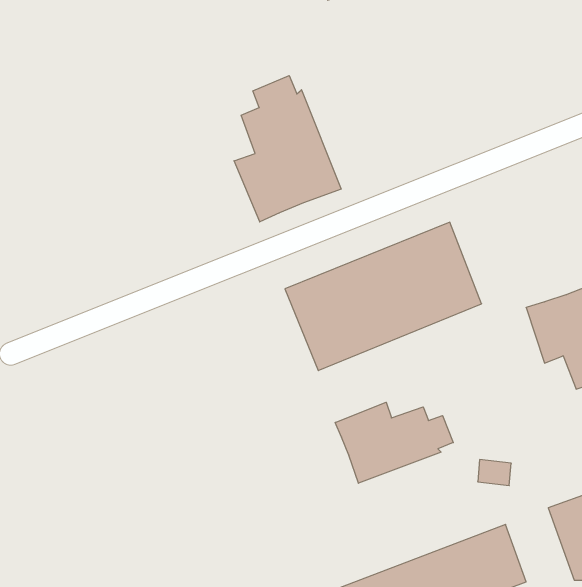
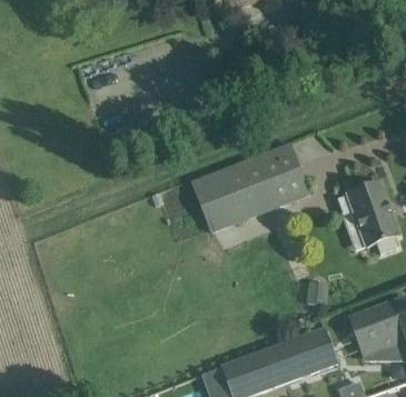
building: [234,76,341,222] -> none
building: [335,402,453,483] -> none

